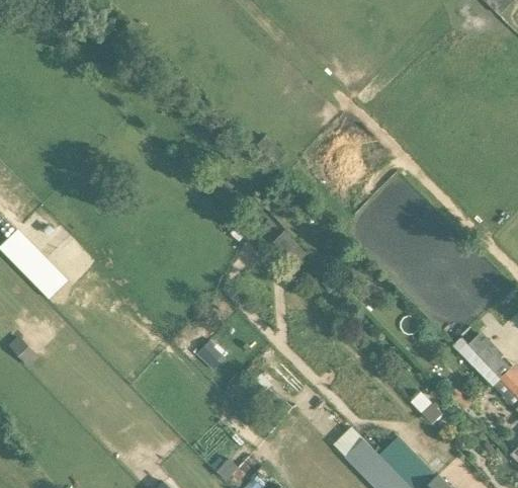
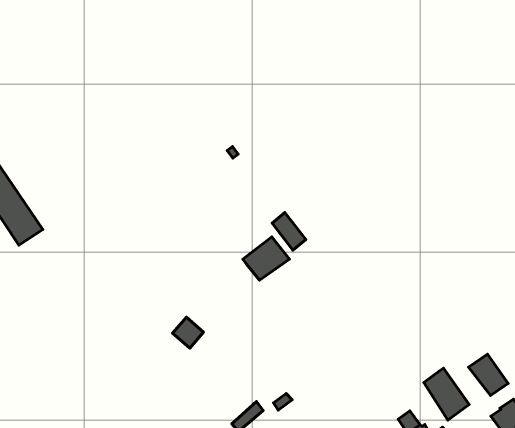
building: none -> [243,237,290,280]
building: none -> [424,368,469,420]

